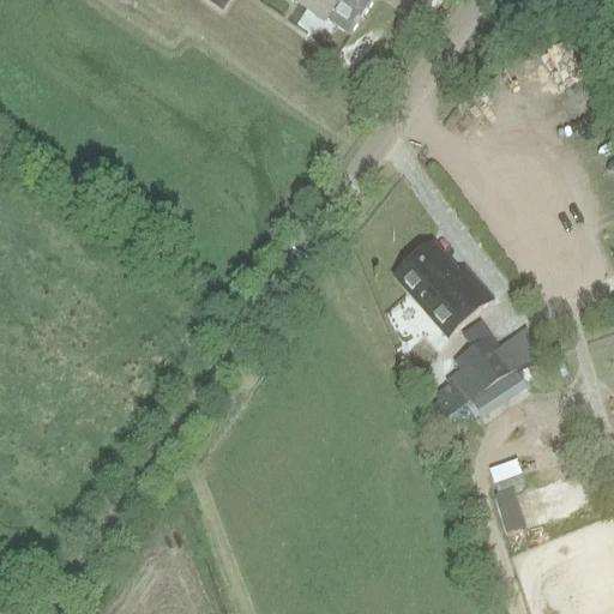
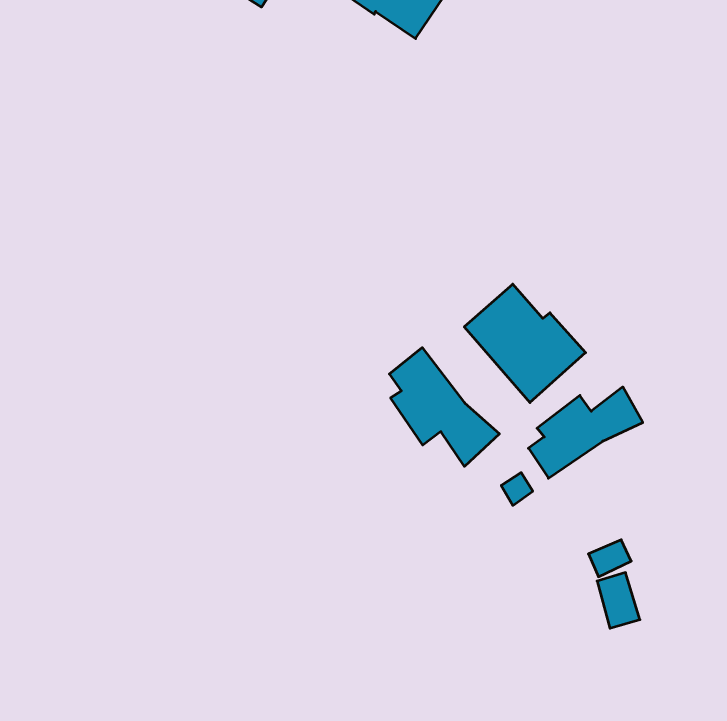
building: none -> [389,348,499,466]
building: [469,368,525,415] -> none

